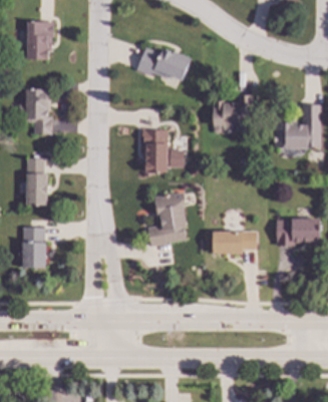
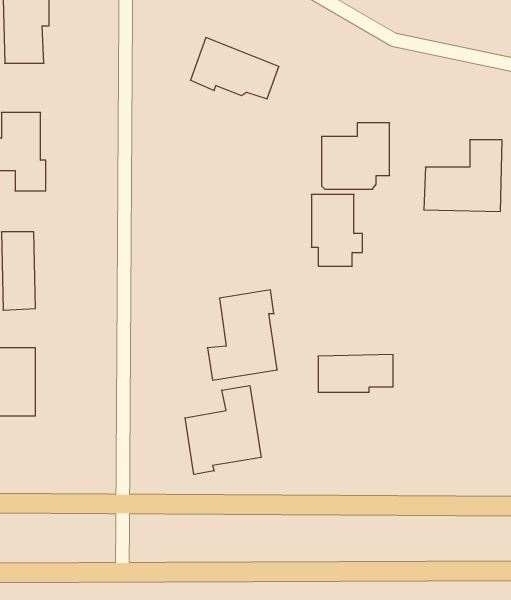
building: [142,129,173,171] -> [311,194,362,266]
building: [276,219,320,246] -> none
building: none -> [185,386,261,474]

